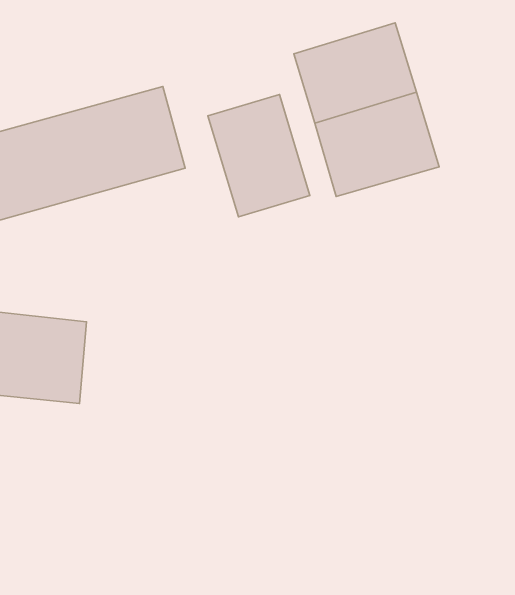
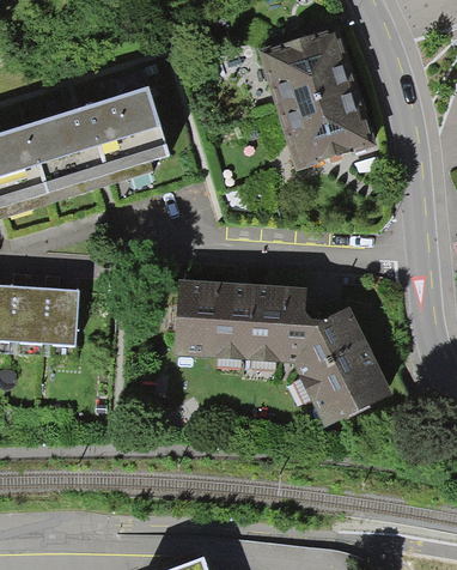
building: [208,94,310,217] -> none
building: none -> [177,291,392,433]

